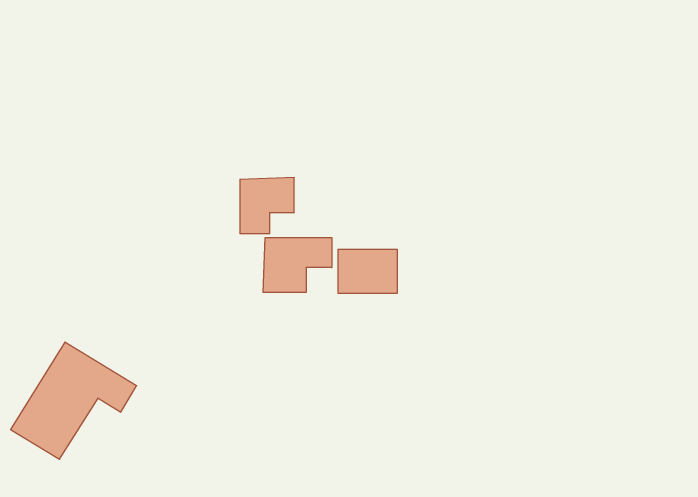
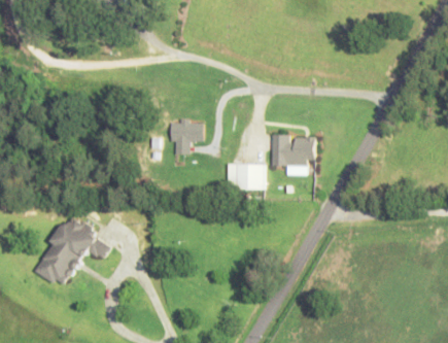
building: none -> [271,135,314,165]
building: [263,238,332,292] -> none

